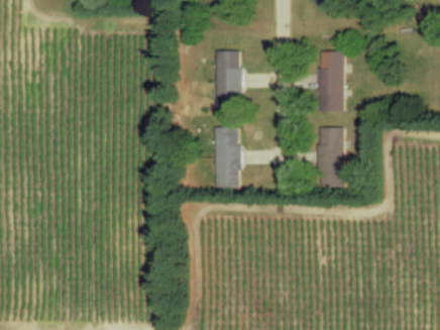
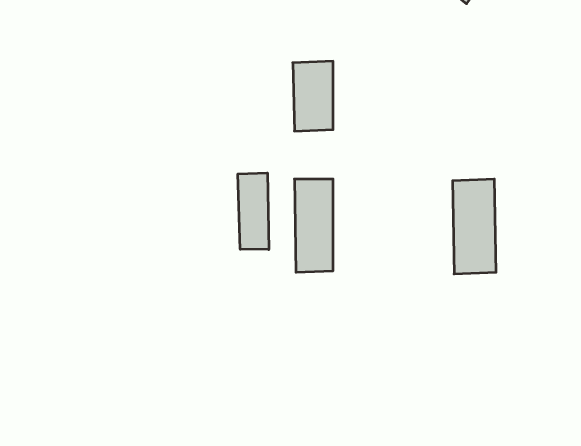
building: [317,50,344,111] -> none
building: none -> [238,173,269,250]

